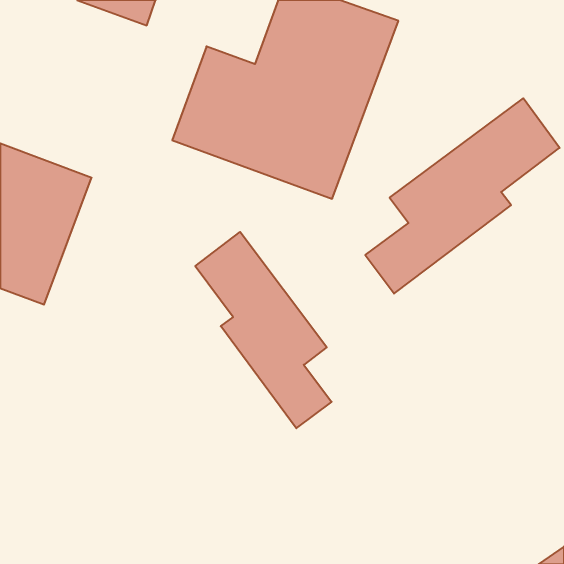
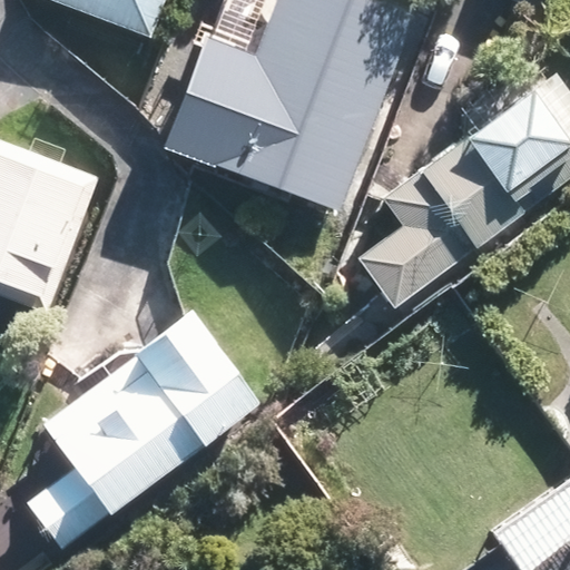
building: [195,232,332,428] -> none
building: none -> [33,328,254,541]

